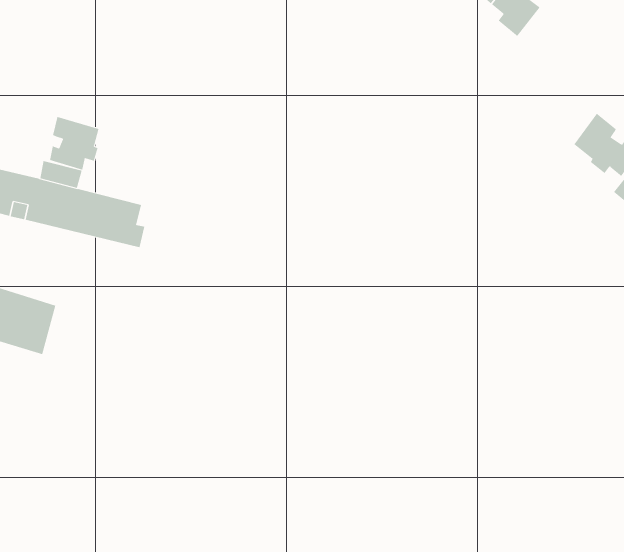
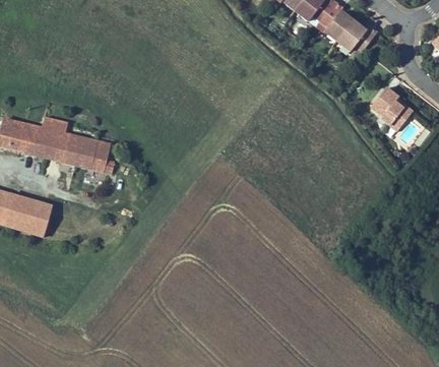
building: none -> [336,21,376,50]
building: [50,116,99,170] -> none

